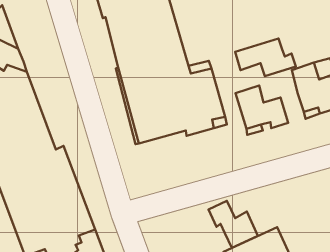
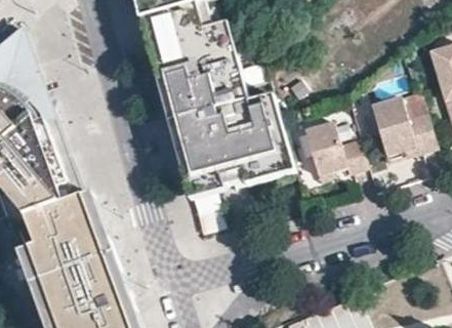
building: [235,38,296,76] -> none
building: [209,201,258,248] -> none

